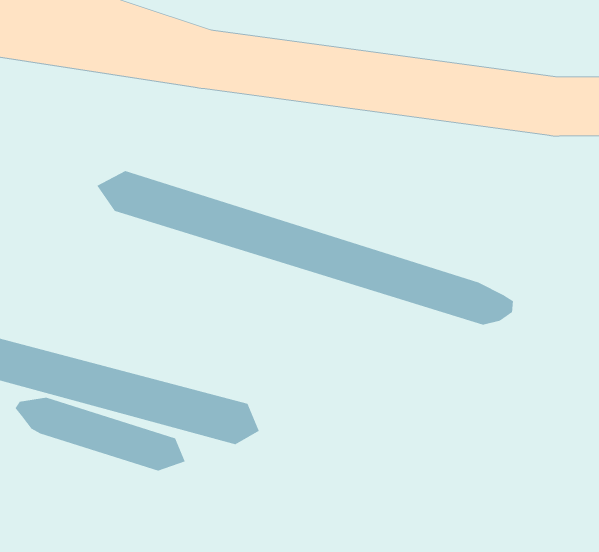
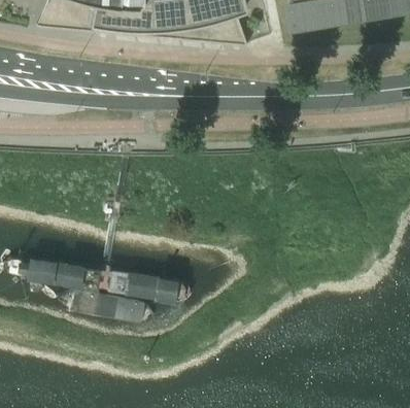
building: [96,170,514,325] -> none

